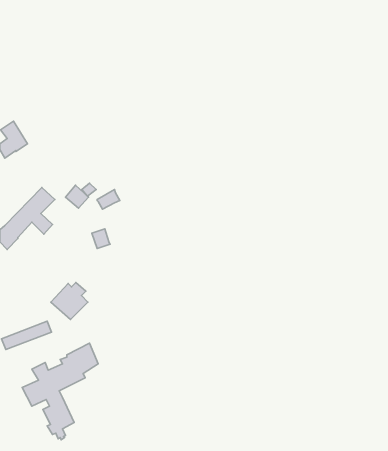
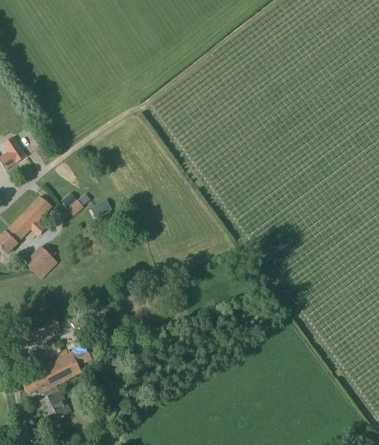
building: [51,283,88,319] -> [24,244,58,278]

